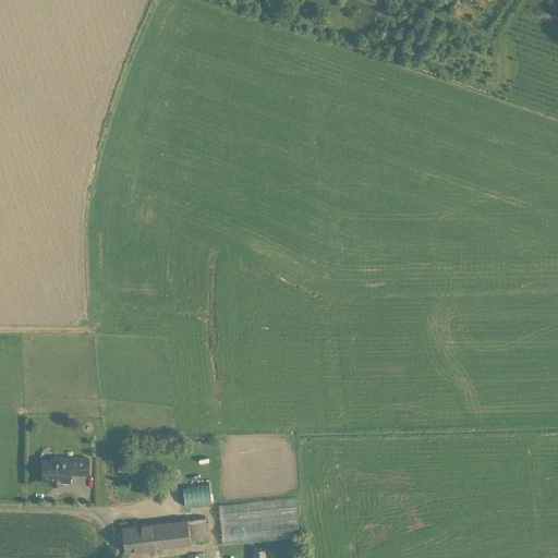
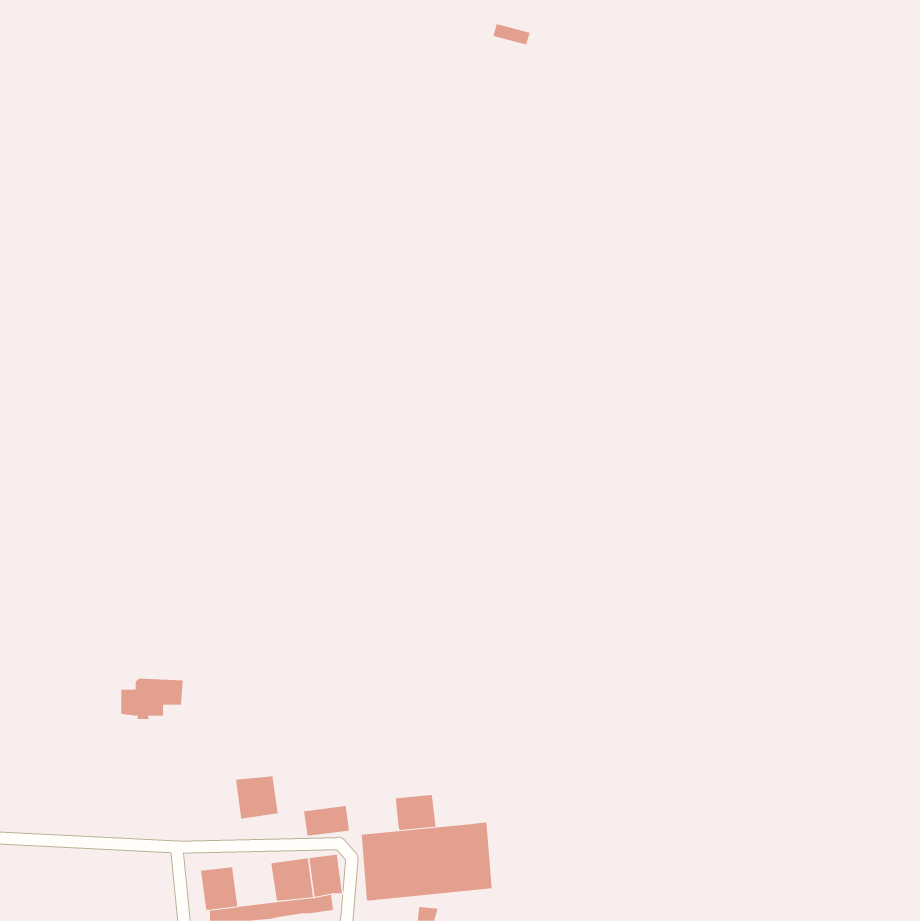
building: [43,457,81,482] -> [120,678,184,720]
building: none -> [395,794,436,831]
building: [141,522,167,548] -> [235,776,279,819]

